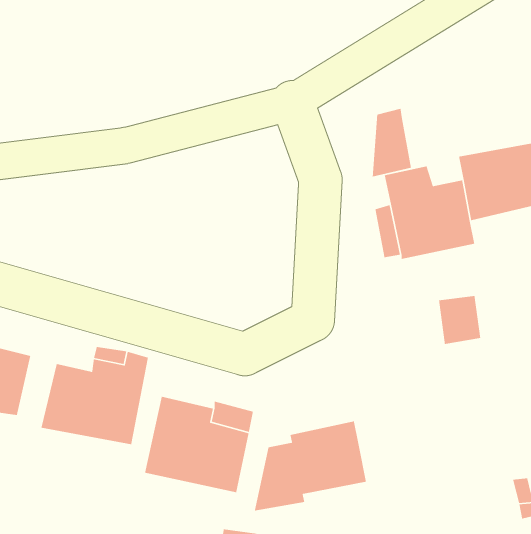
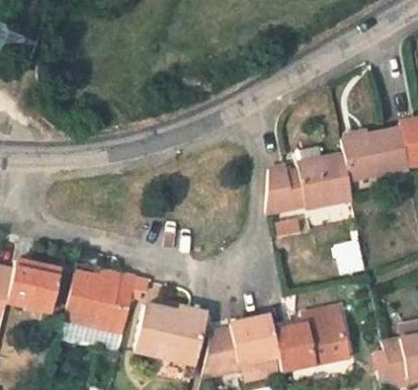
building: [372,108,412,178] -> [265,169,291,215]
building: none -> [275,307,350,370]

